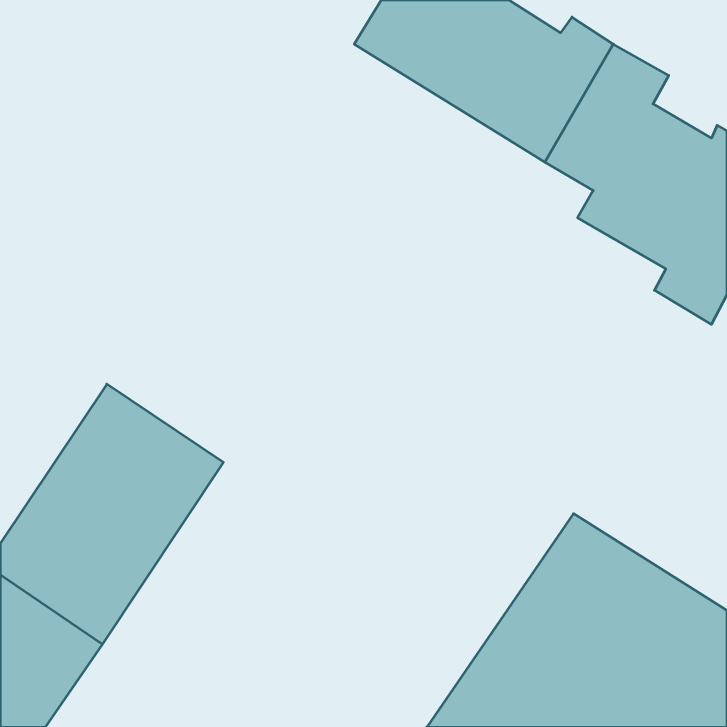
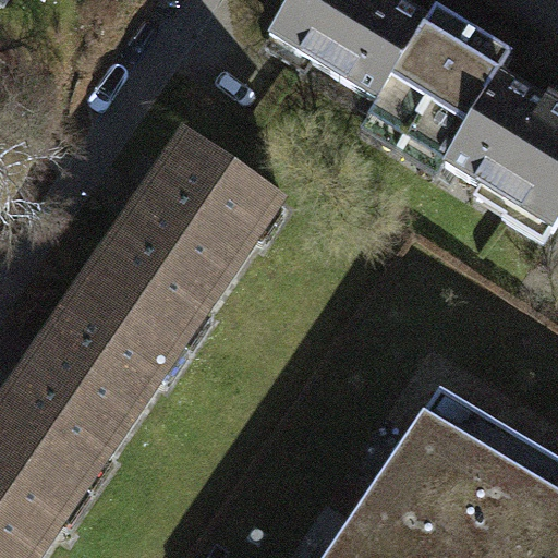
building: none -> [82,146,271,354]

